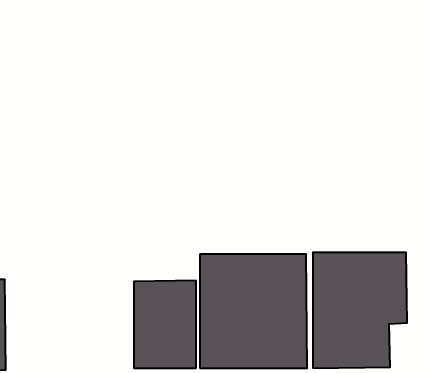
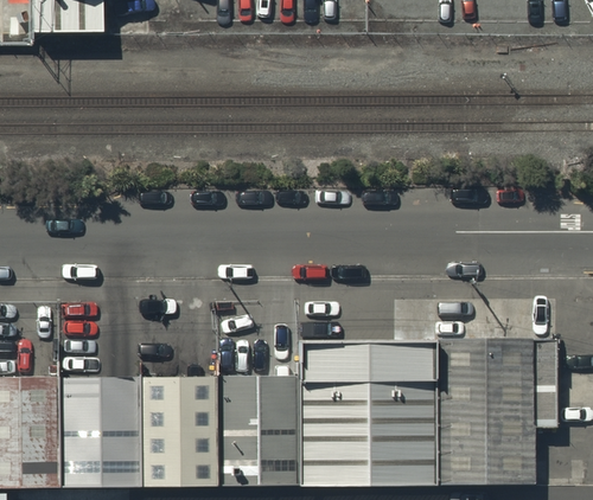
building: none -> [133,378,209,489]
building: none -> [55,379,127,491]

